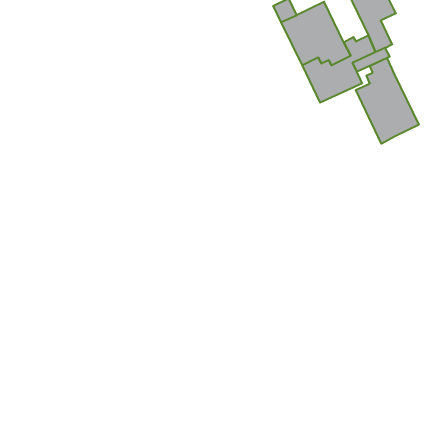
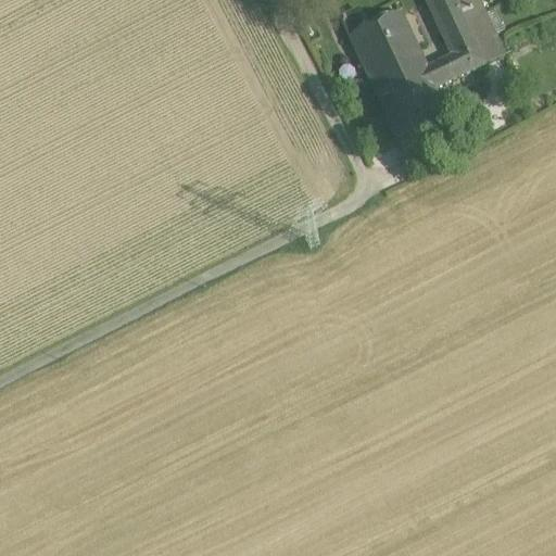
building: none -> [468,16,501,54]
building: [356,58,419,144] -> none

